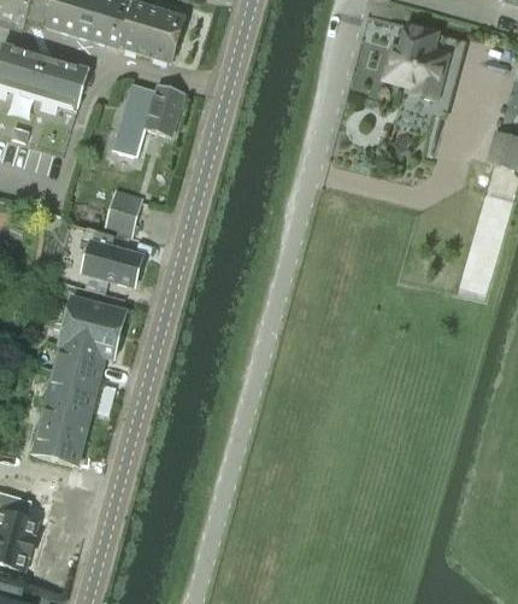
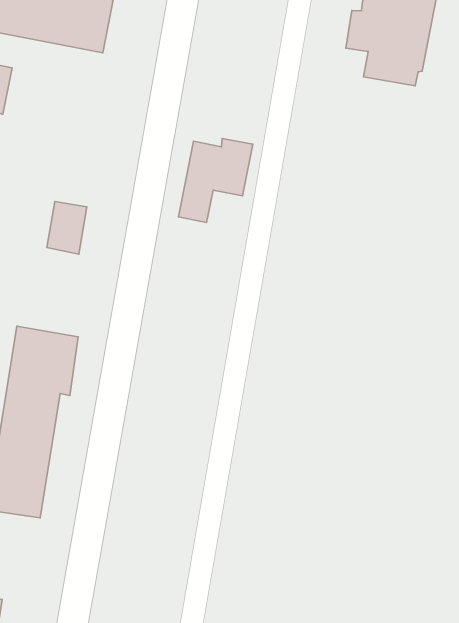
building: [112,83,183,156] -> [179,139,253,223]
building: [81,229,141,286] -> none

